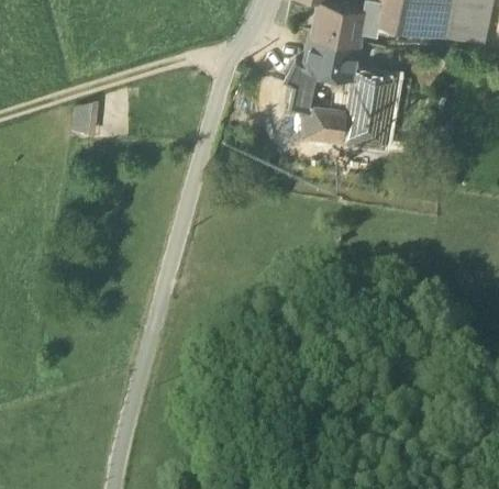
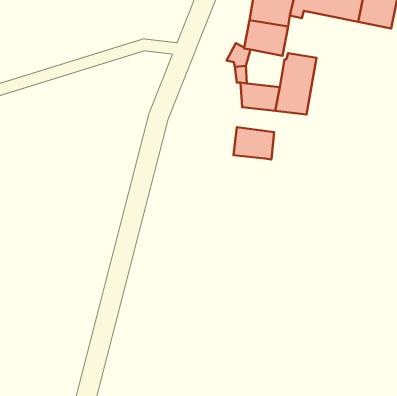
building: [74,101,98,132] -> none
building: none -> [234,127,274,159]

